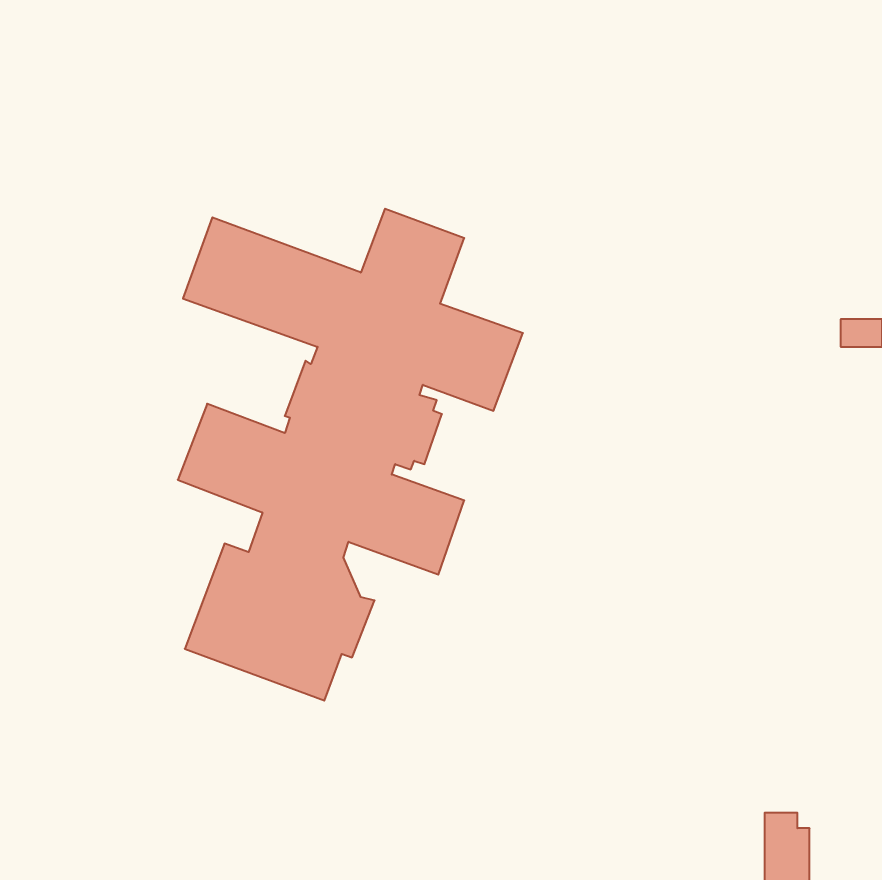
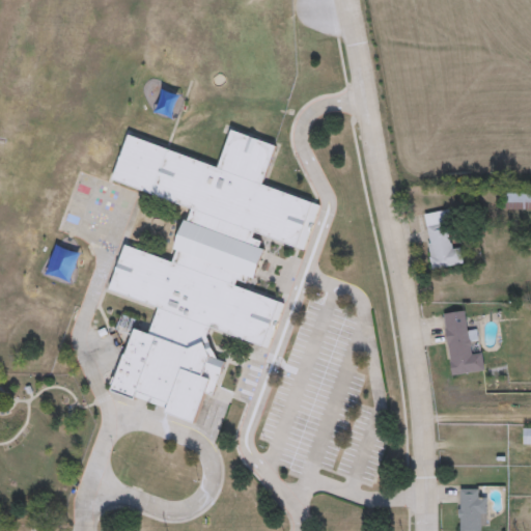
building: none -> [423,211,464,271]
building: none -> [444,311,485,375]

